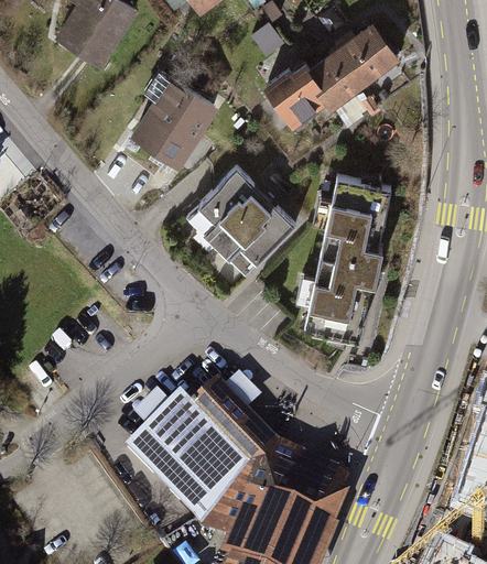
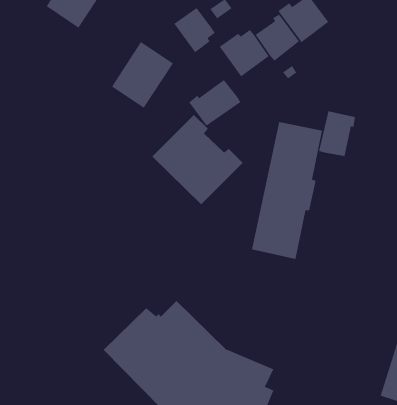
building: none -> [174,7,215,53]
building: none -> [189,79,241,126]
building: none -> [318,111,356,157]

